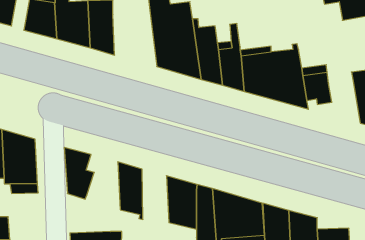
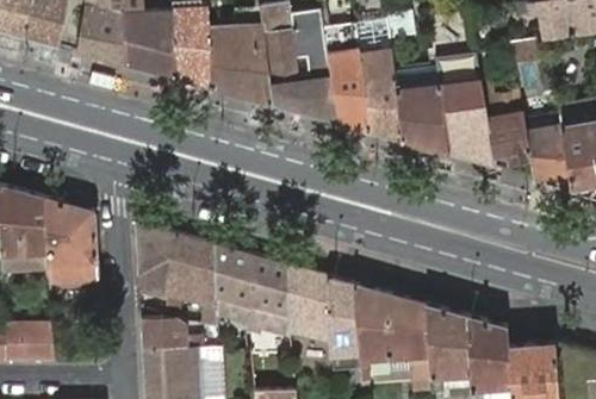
building: none -> [207,26,272,105]
building: none -> [524,124,571,188]
building: none -> [168,235,219,326]
building: none -> [250,256,290,335]
building: none -> [142,320,204,350]

